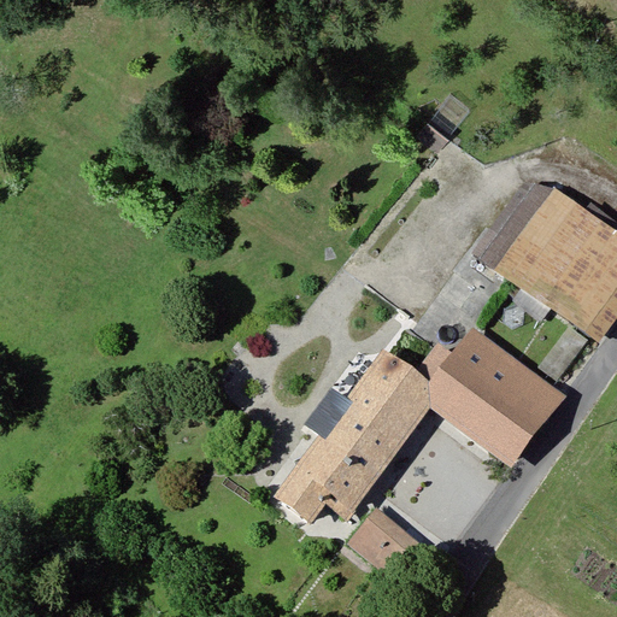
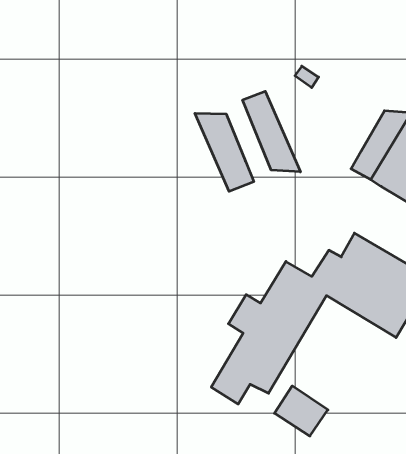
building: none -> [243,91,300,172]
building: none -> [195,113,254,191]

